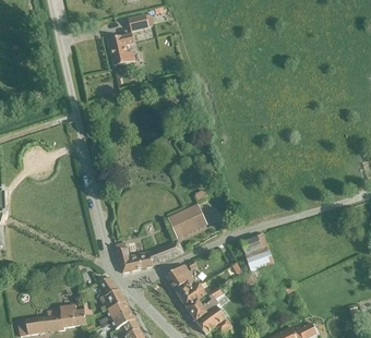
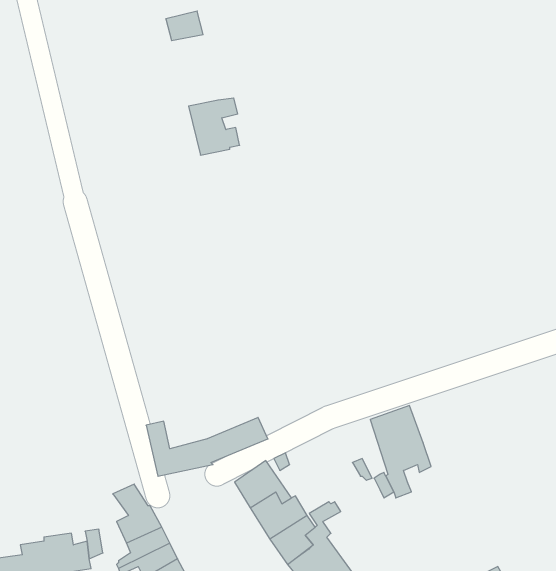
building: [107,34,135,65] -> [189,98,240,155]
building: [169,204,206,237] -> none

